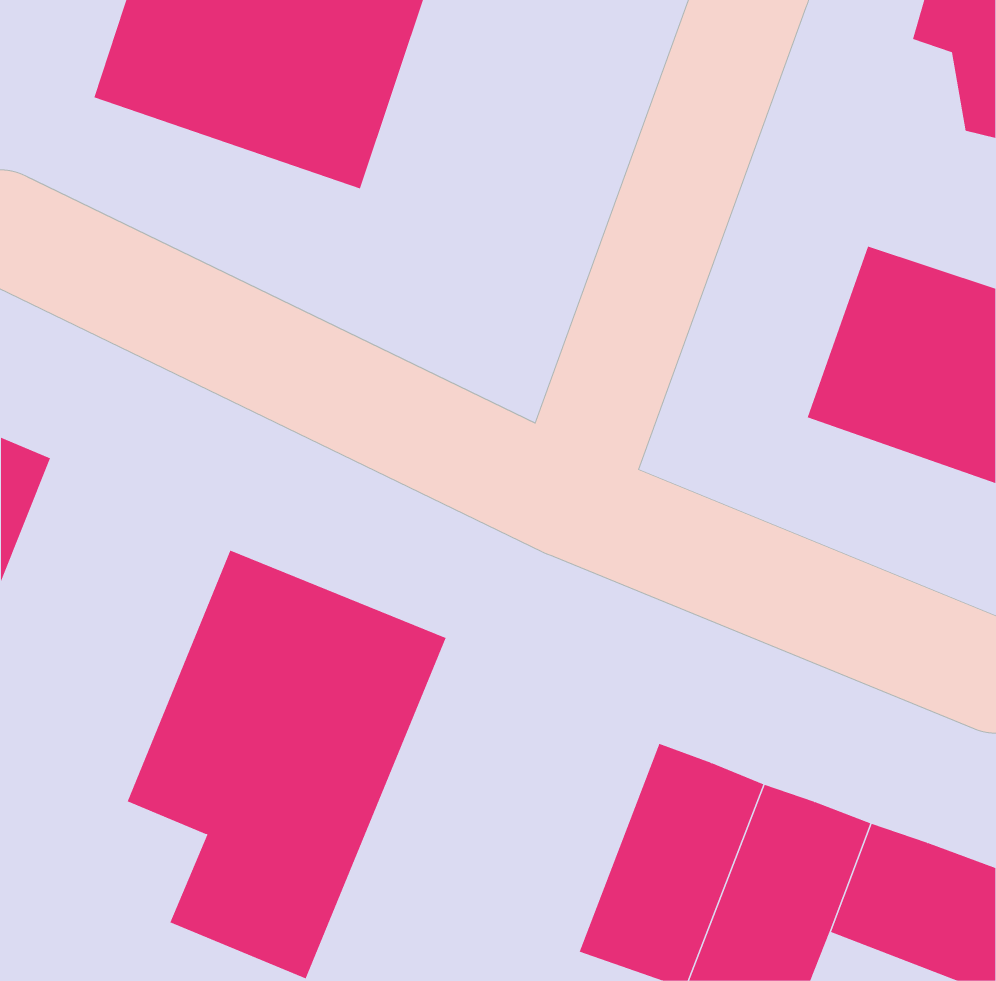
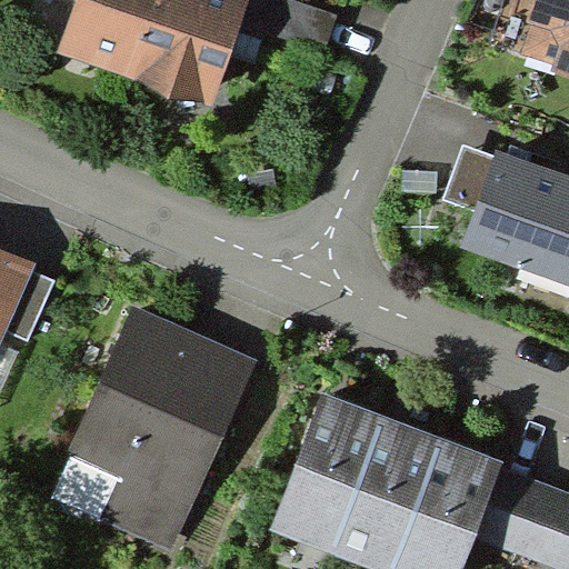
building: none -> [270,400,376,542]

